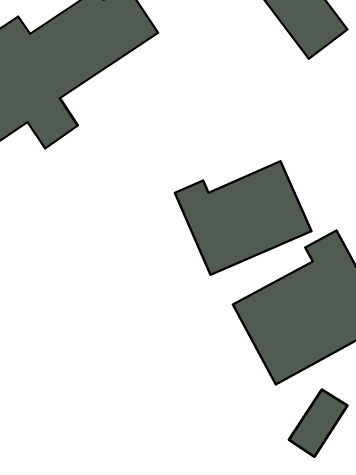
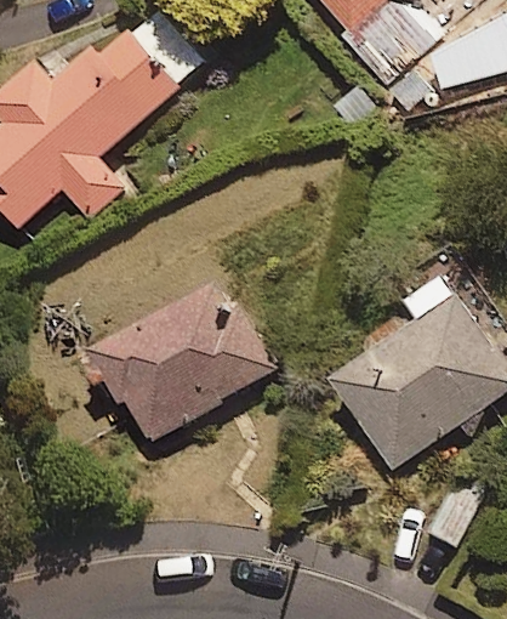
building: [175,161,311,275] -> none
building: none -> [93,280,275,443]

